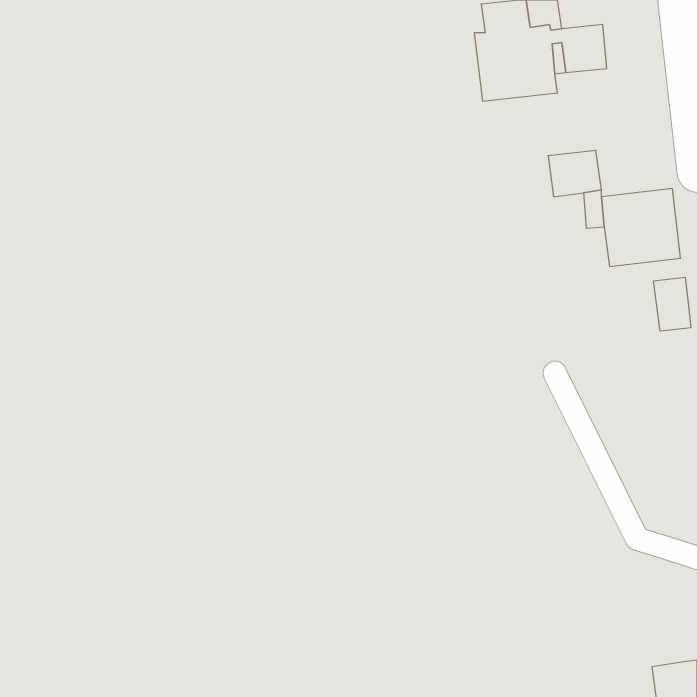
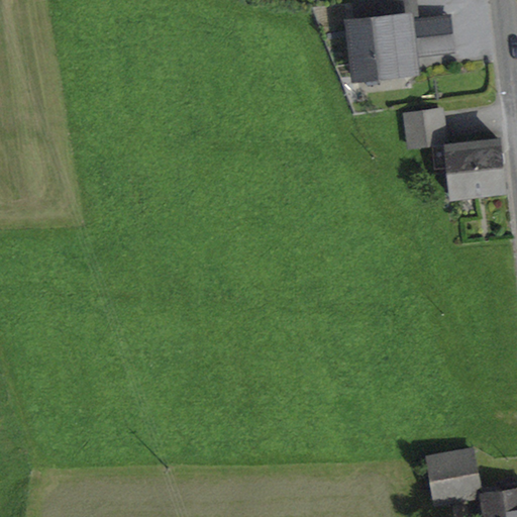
building: [654,277,691,331] -> none
building: none -> [430,451,480,503]

